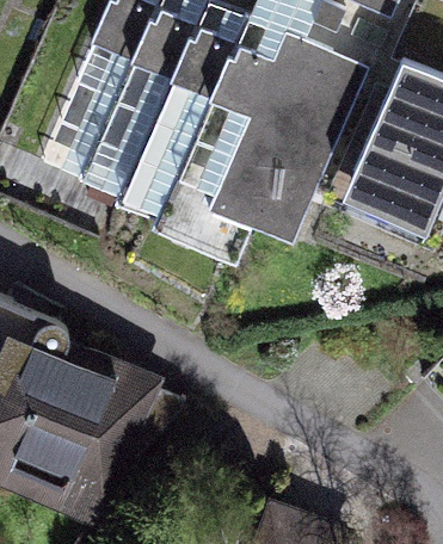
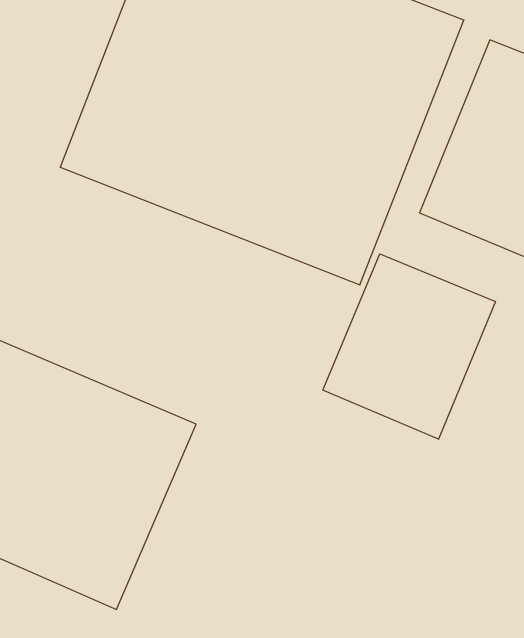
building: none -> [323,254,495,439]

